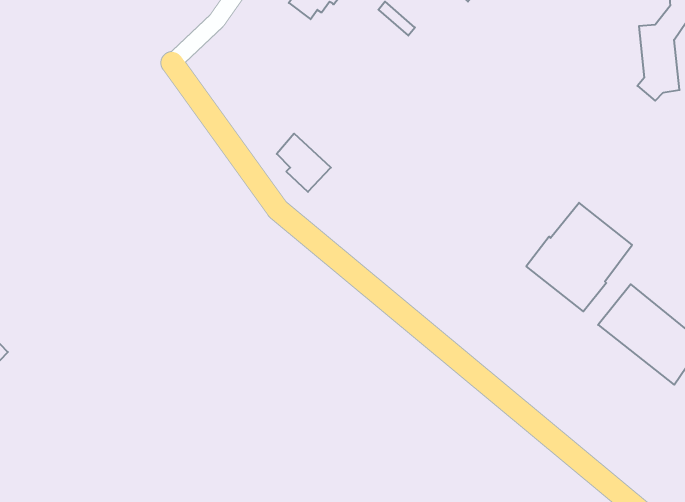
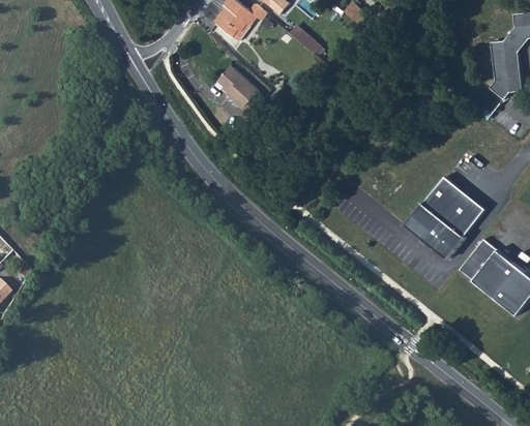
building: [277,134,331,192] -> [223,67,264,112]

